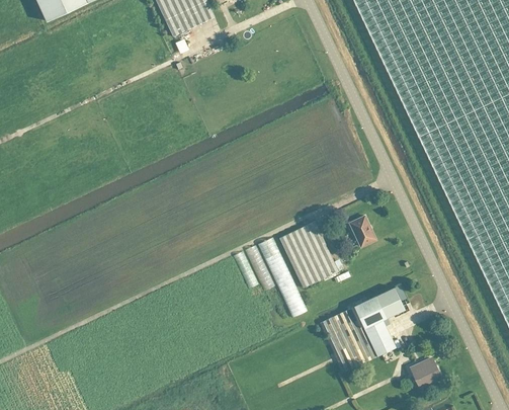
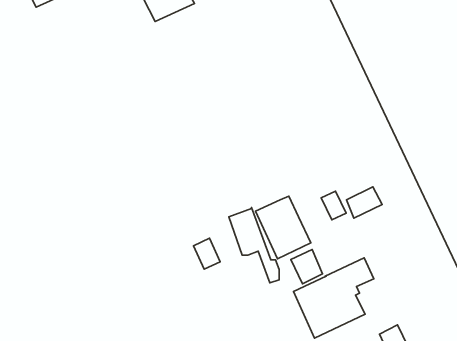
building: none -> [346,187,382,218]
building: none -> [193,238,220,269]
building: none -> [291,250,323,284]

